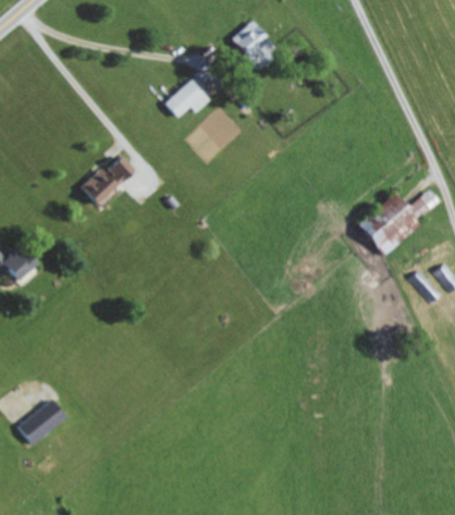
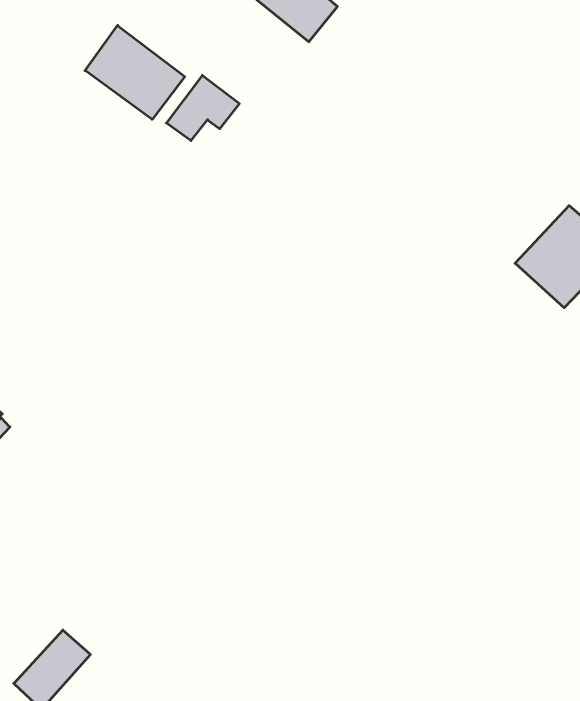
building: none -> [85,25,185,119]
building: [81,155,133,205] -> none

